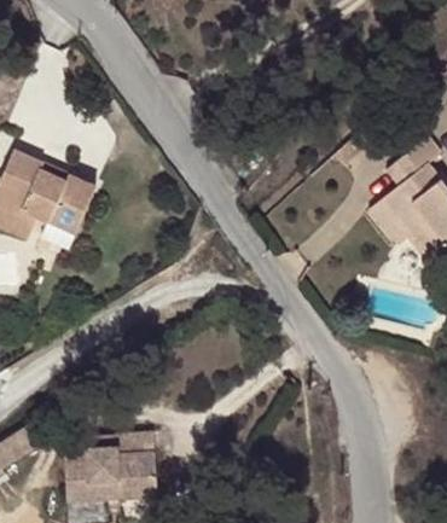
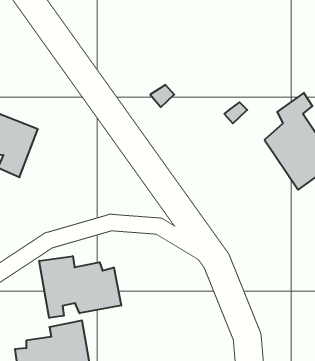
building: none -> [39,256,121,318]

